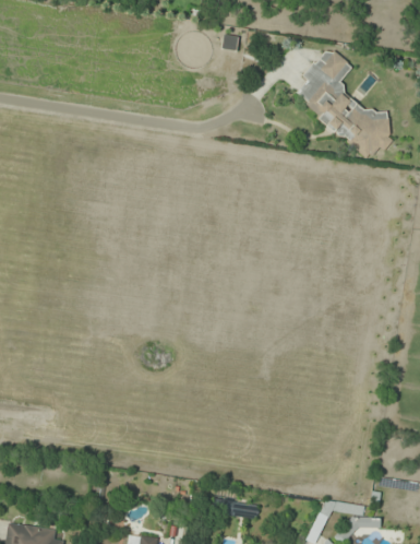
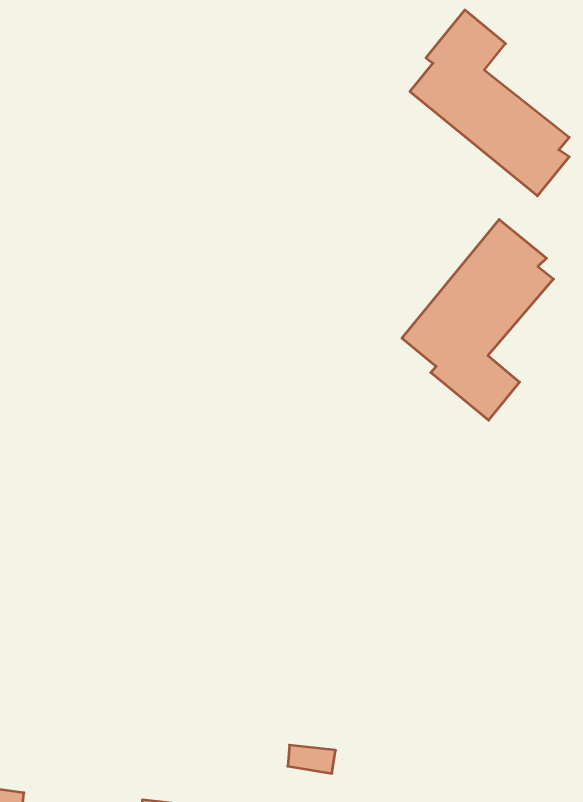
building: none -> [402,219,554,420]

